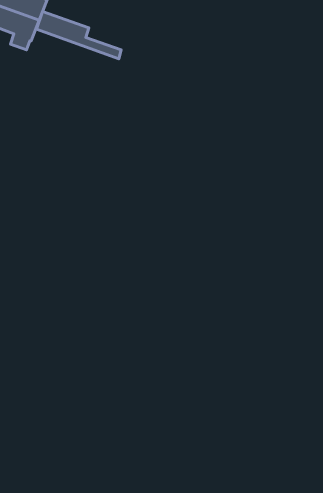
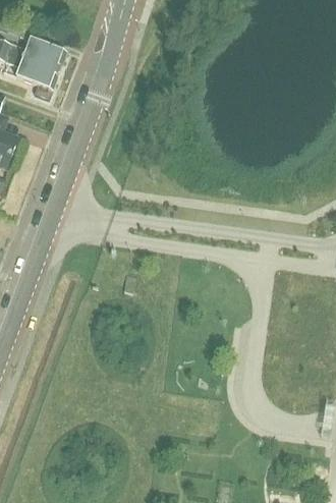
building: [37,11,121,59] -> none

